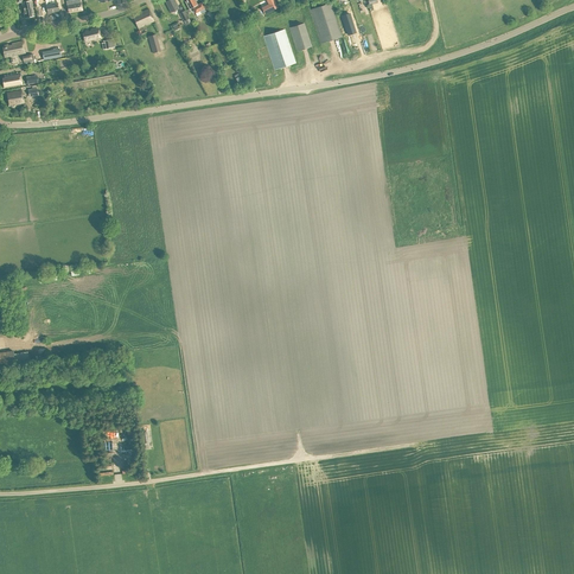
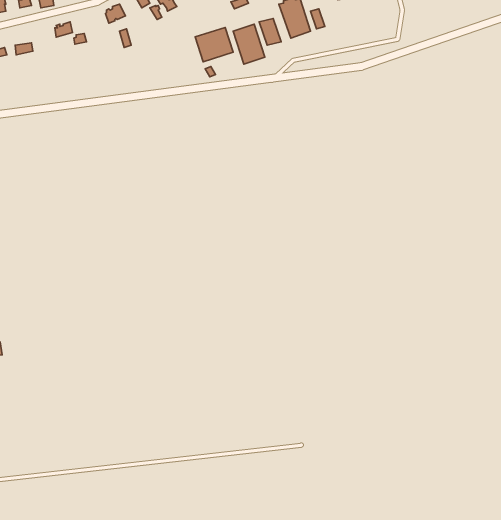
building: none -> [195,27,233,62]

